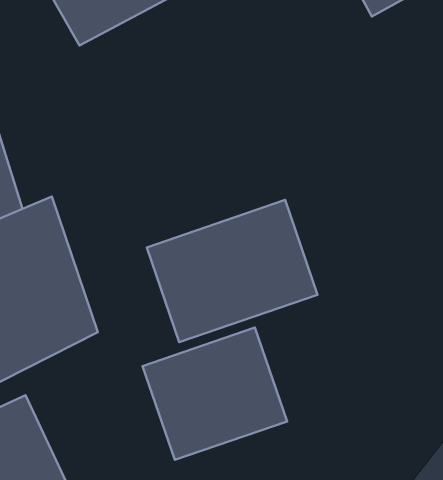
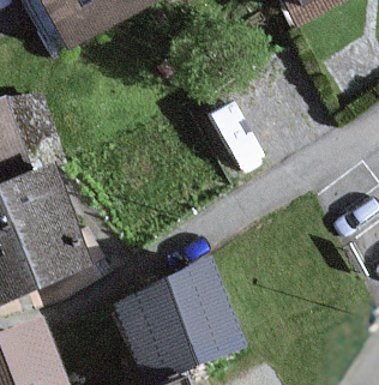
building: [147,200,318,342] -> none

